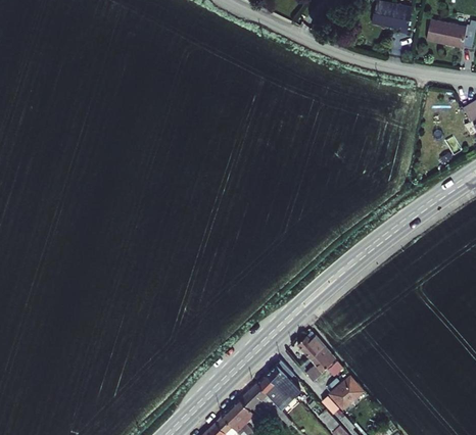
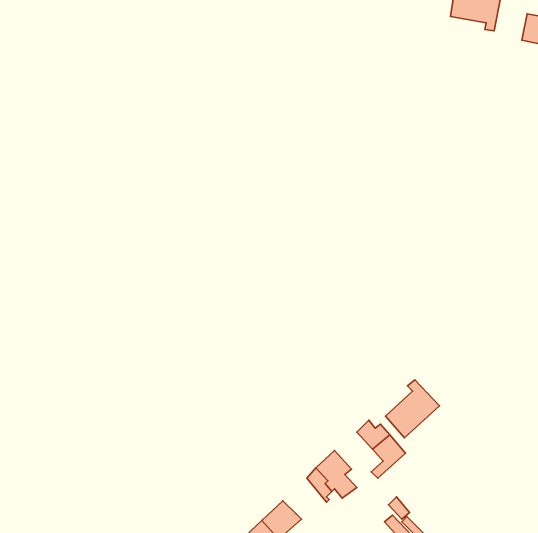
building: none -> [386,380,440,438]
building: [333,379,363,408] -> none
building: [243,381,277,413] -> none

